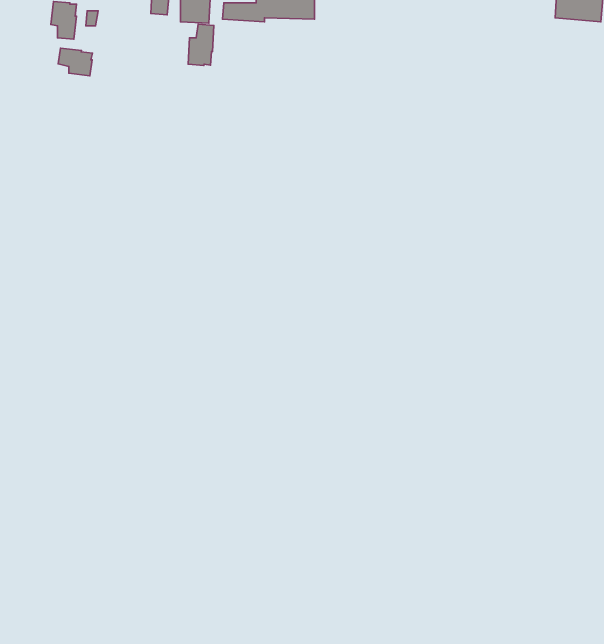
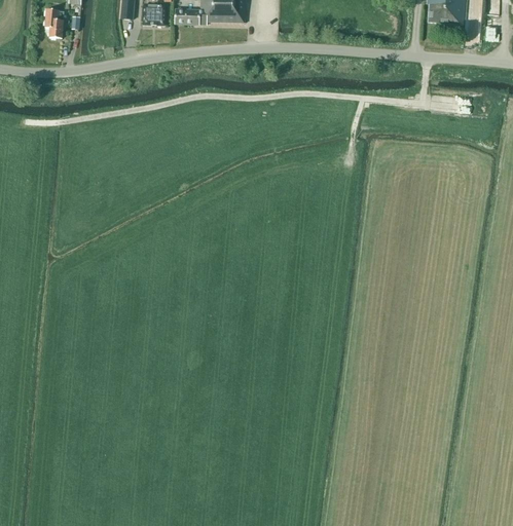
building: [188,24,214,66] -> none
building: [58,48,92,76] -> none

